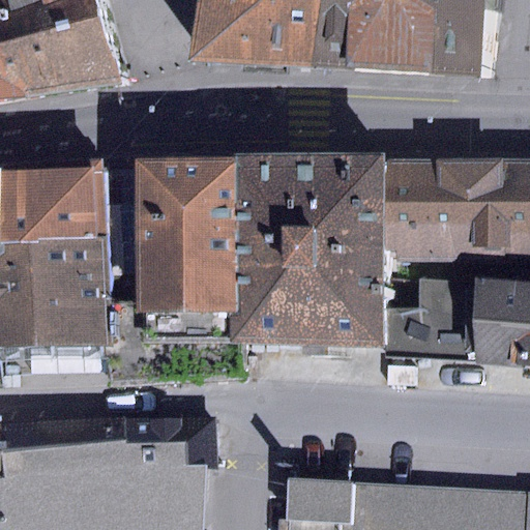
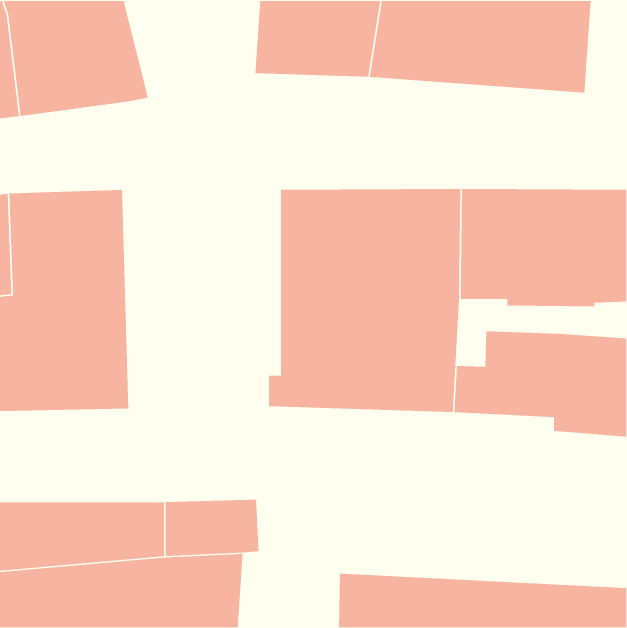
building: [137,159,236,343] -> none

